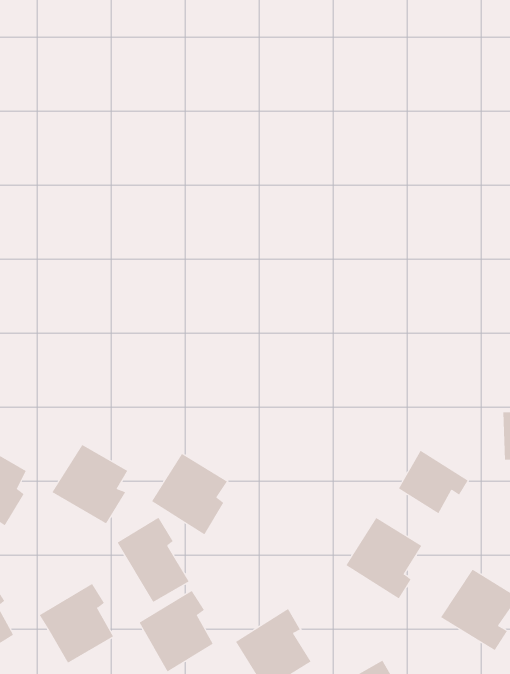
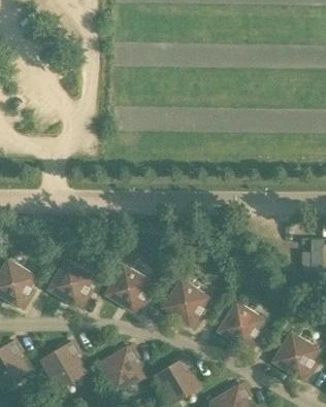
building: [398,450,469,514] -> none
building: none -> [163,279,207,328]
building: [117,517,189,603] -> none

